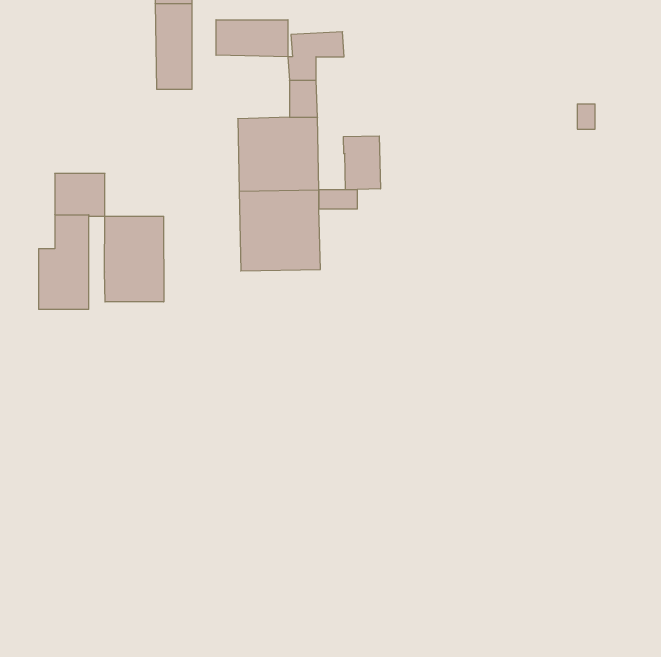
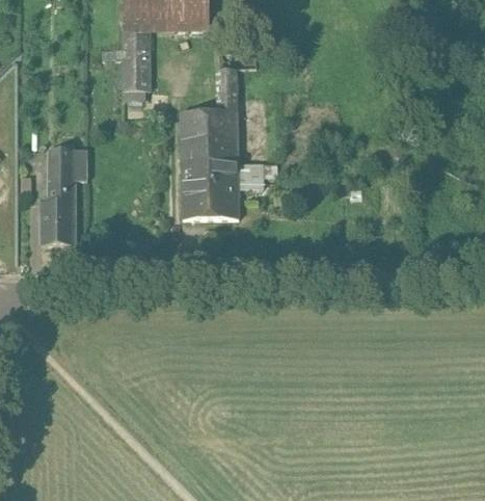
building: [216,20,288,57] -> none
building: [343,136,380,190] -> none
building: [105,216,164,302] -> none

